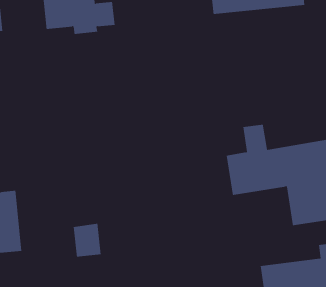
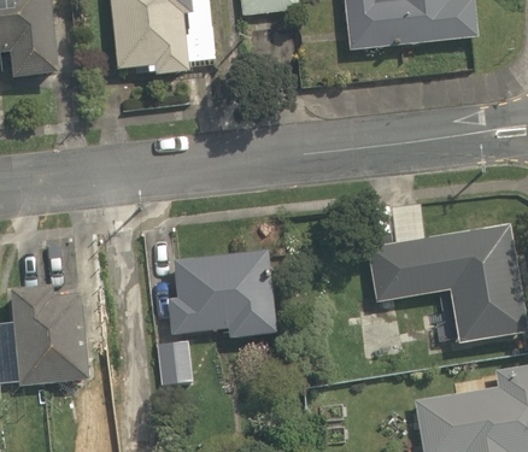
building: none -> [166,248,276,337]

